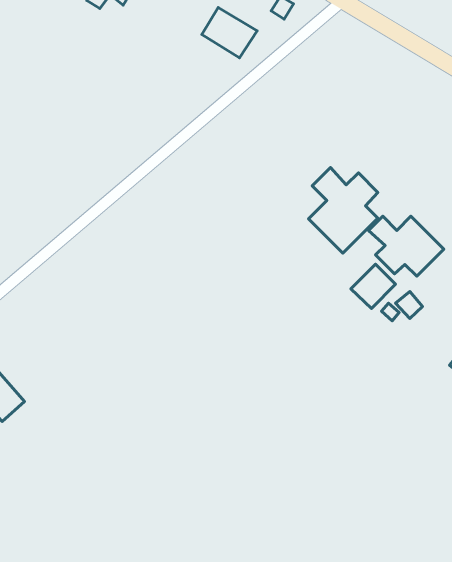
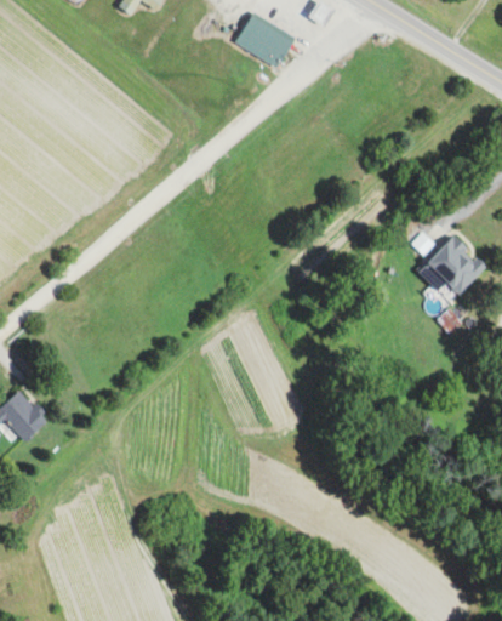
building: [309,168,378,253] -> none
building: [351,264,395,309] -> none

